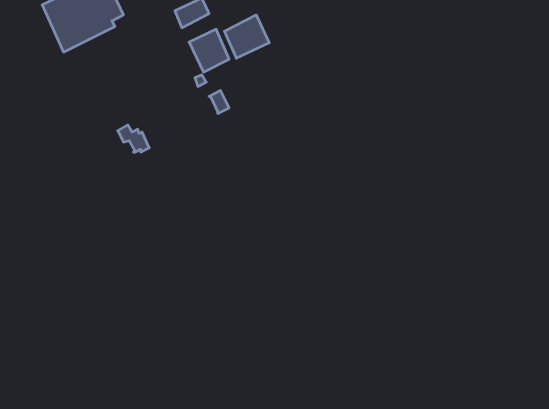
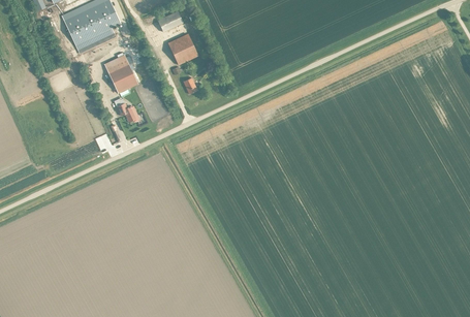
building: [224,15,269,58] -> none
building: none -> [103,54,136,93]

